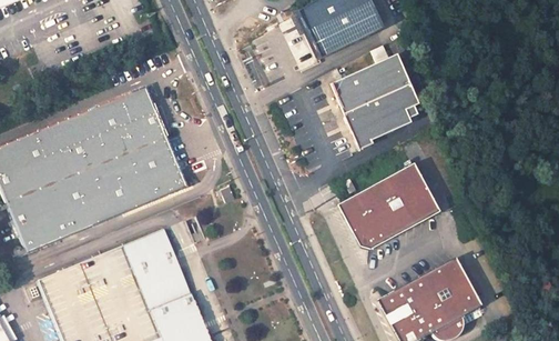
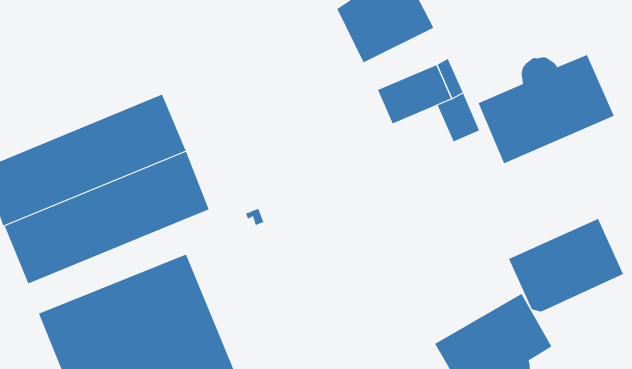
building: none -> [478,54,614,164]
building: [345,97,398,149] -> none
building: [337,164,438,247] -> [508,218,624,312]

